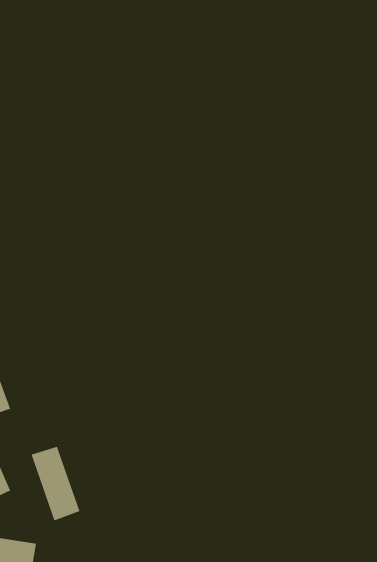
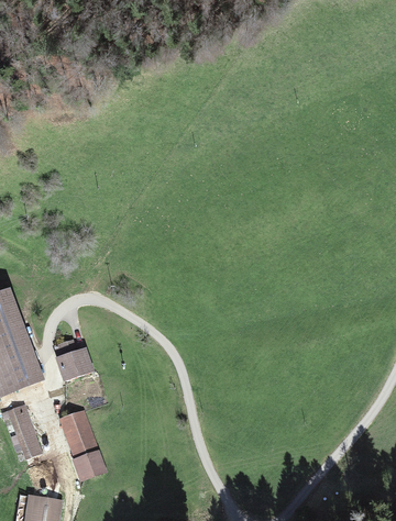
building: none -> [54,340,95,383]

